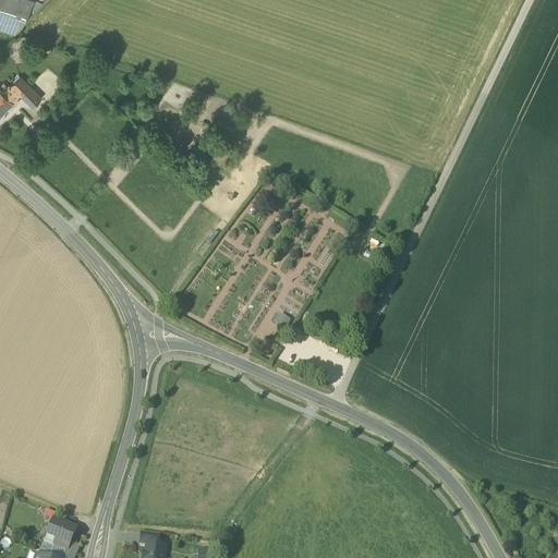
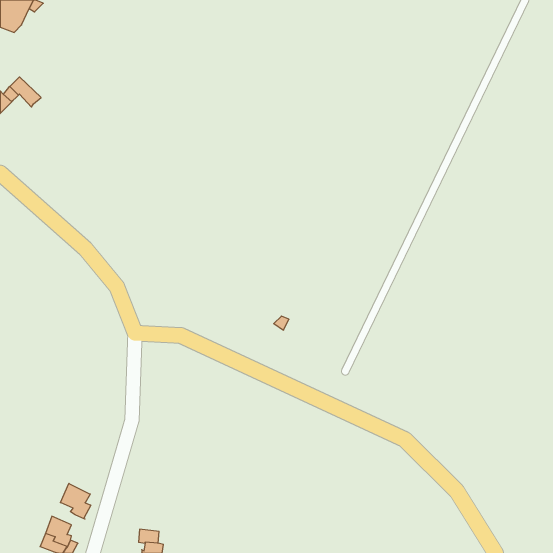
building: none -> [60,483,91,519]

